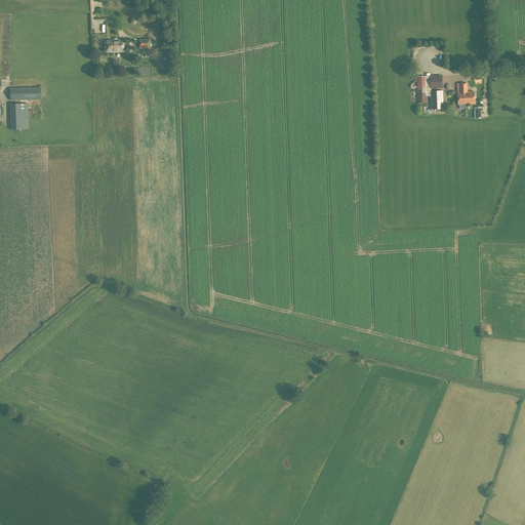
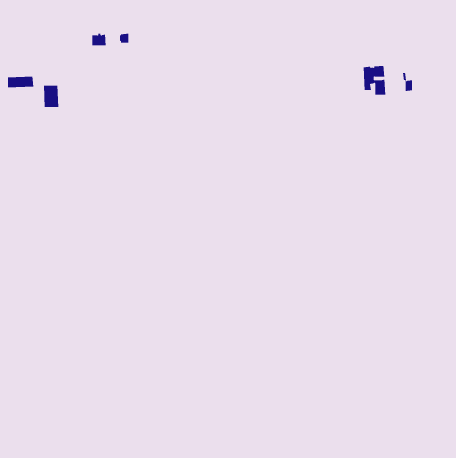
building: [8,104,27,129] -> [43,85,59,108]

